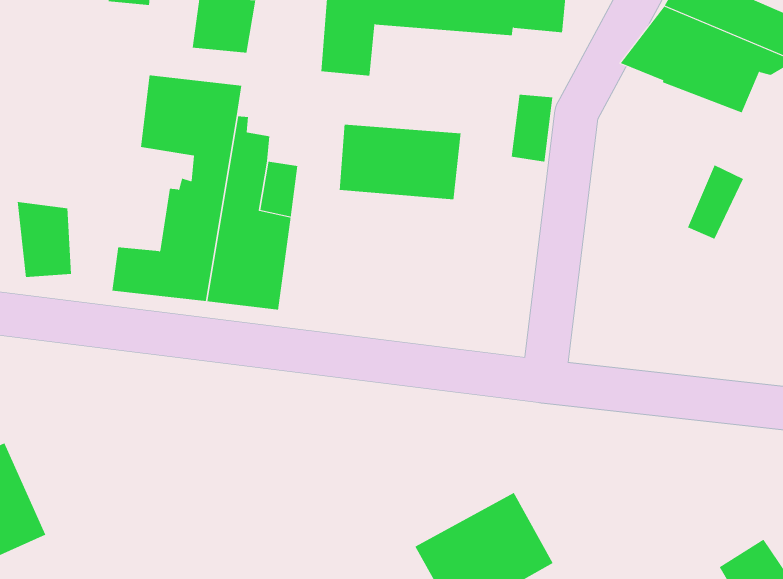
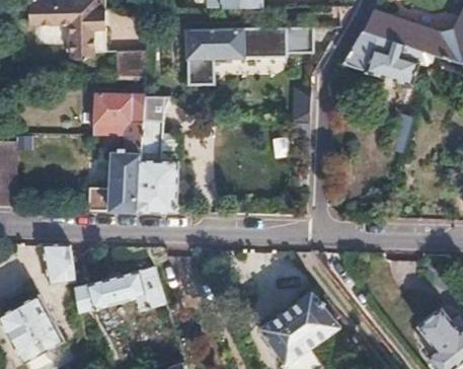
building: [339,124,461,200] -> none
building: [17,201,72,277] -> [42,244,74,284]
building: none -> [76,266,161,324]

